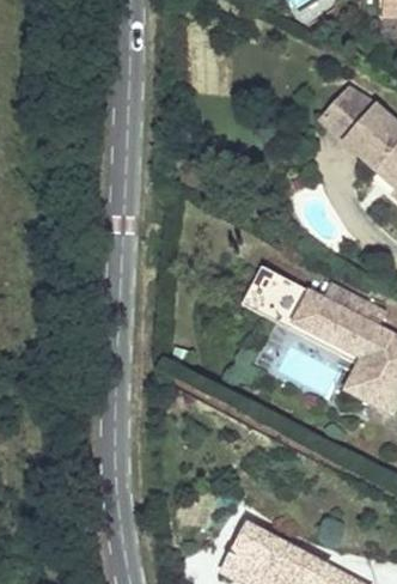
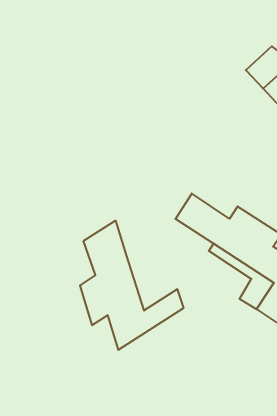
building: none -> [80,221,183,350]

